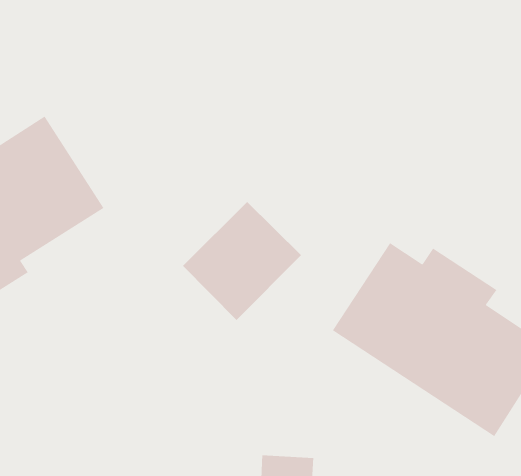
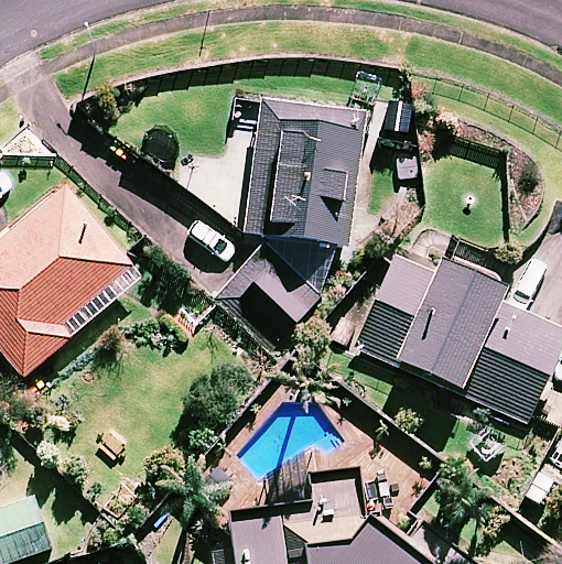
building: none -> [227,96,366,246]

